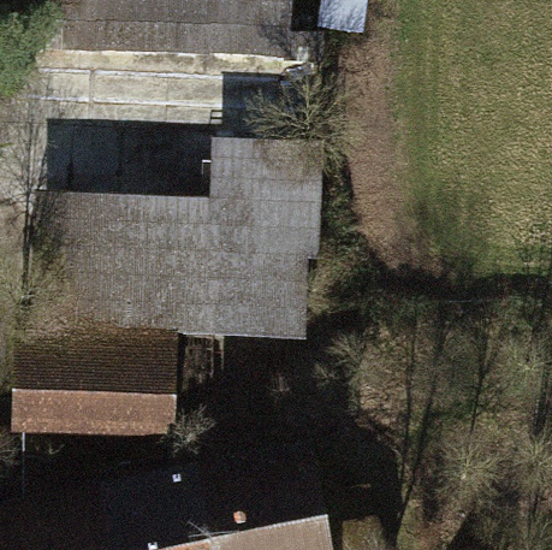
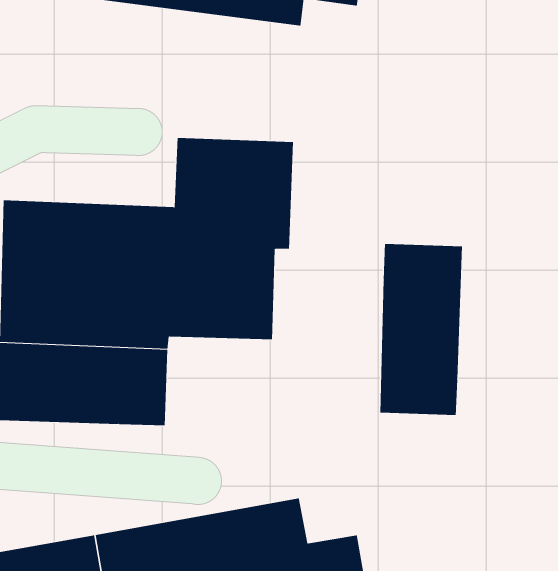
building: none -> [380,243,463,416]

